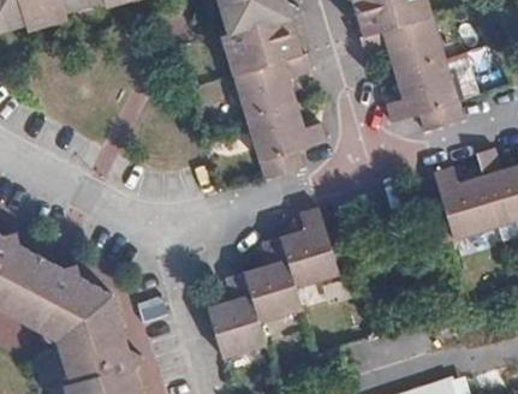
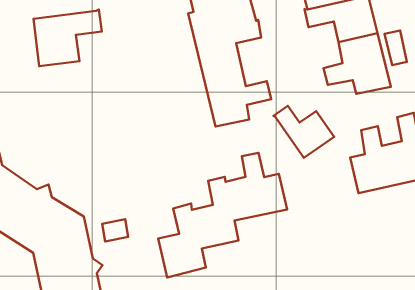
building: none -> [33,9,102,66]
building: none -> [274,106,334,158]

